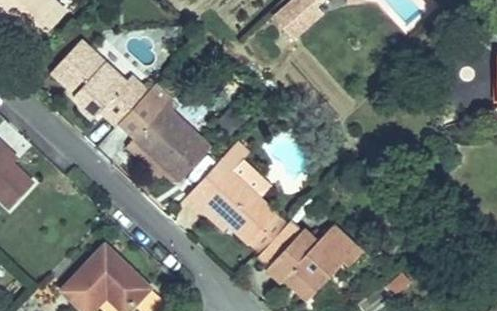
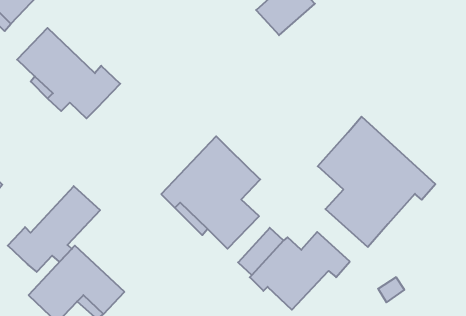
building: [124,71,206,178] -> none
building: none -> [318,117,435,247]
building: none -> [8,186,100,272]

